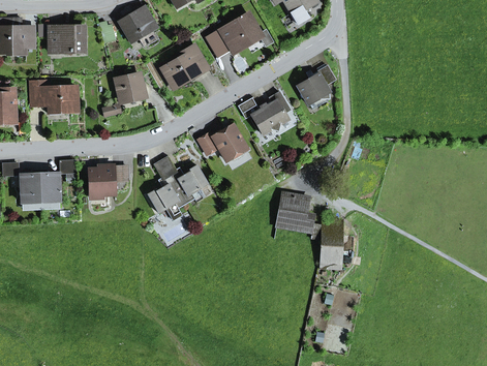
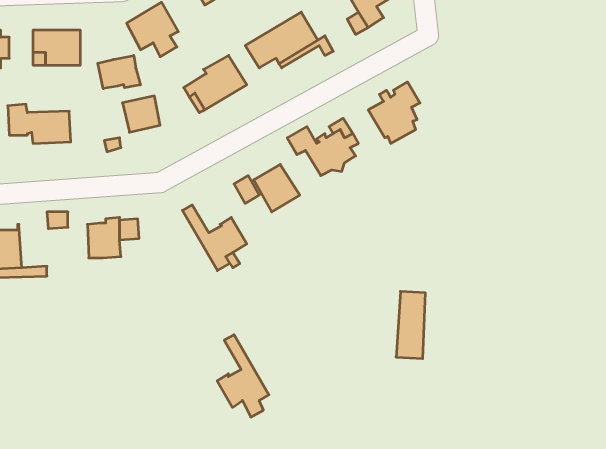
building: none -> [98,55,140,89]
building: [148,159,186,220] -> [217,335,269,417]
building: [39,170,60,202] -> none
building: [277,193,321,234] -> none

